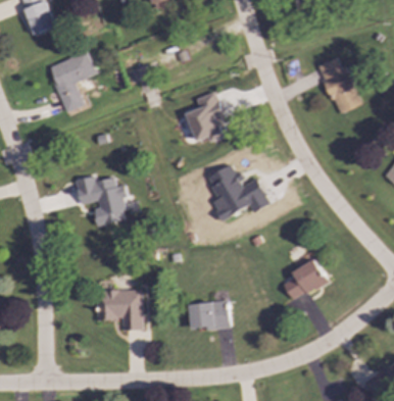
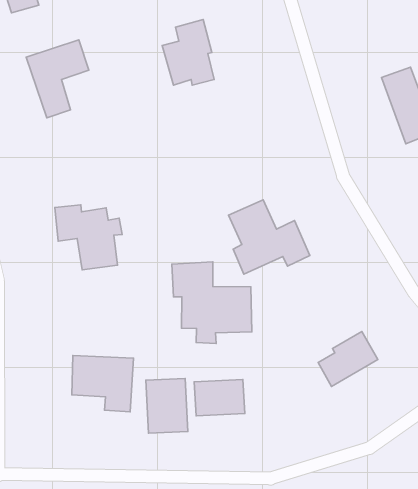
building: [187,91,228,142] -> [162,20,214,85]
building: none -> [172,262,252,343]
building: none -> [146,378,188,433]

